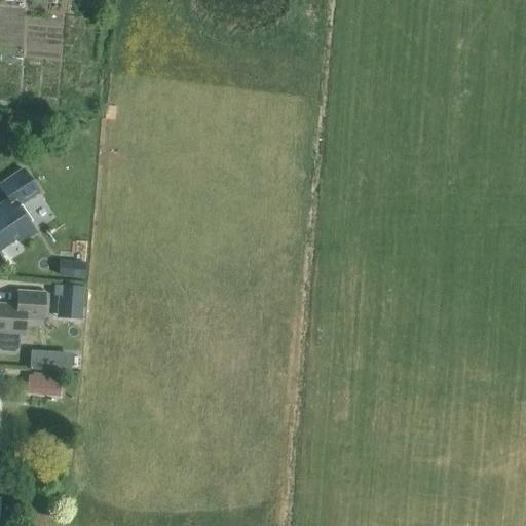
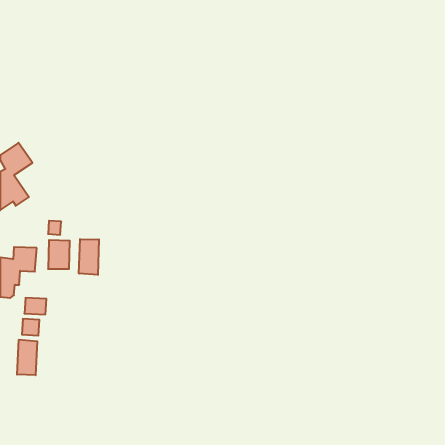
building: none -> [79,239,99,275]
building: none -> [17,340,37,375]

